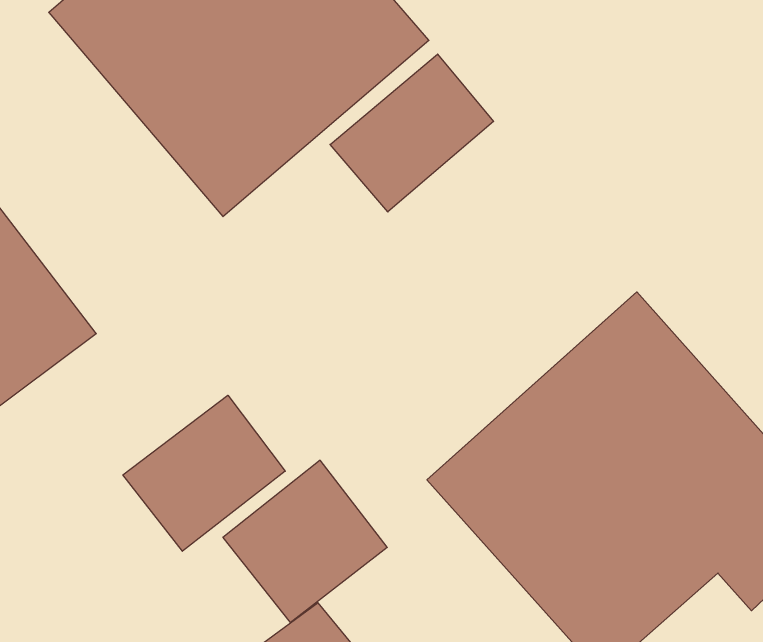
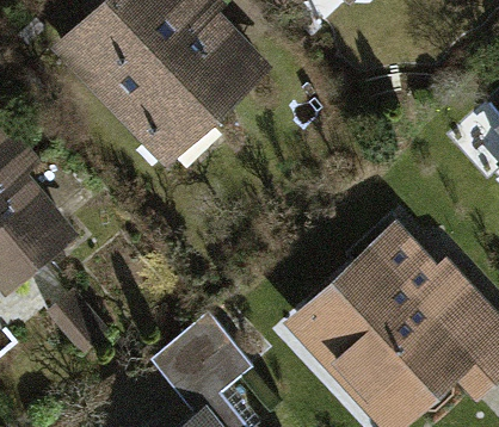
building: [330,54,494,212] -> none
building: [123,395,285,551] -> none

